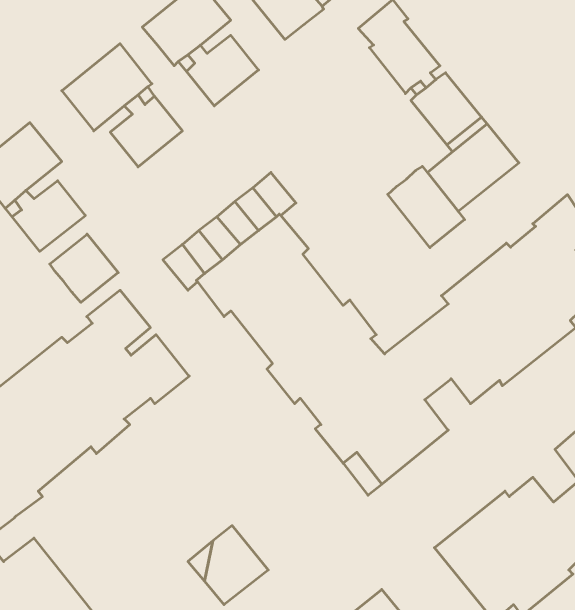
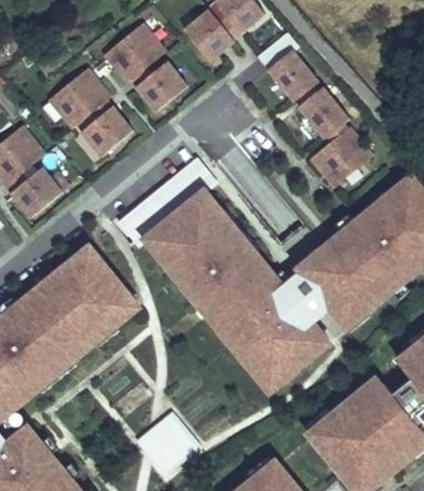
building: [388,166,465,248] -> none
building: [50,234,118,302] -> none

